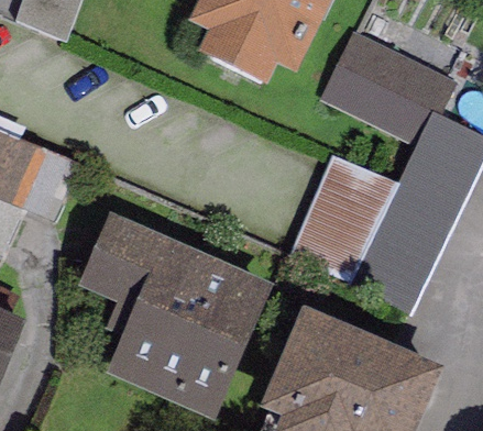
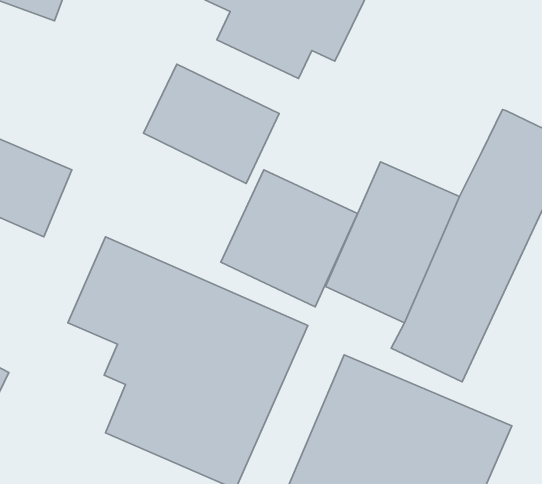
building: [321,29,452,142] -> none
building: none -> [144,64,279,183]
building: none -> [221,170,358,307]

